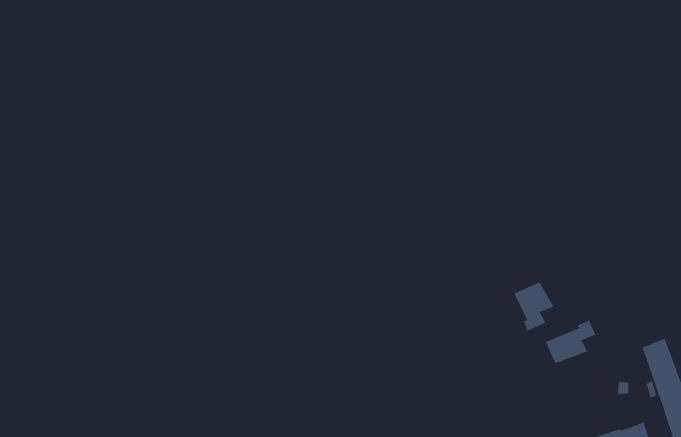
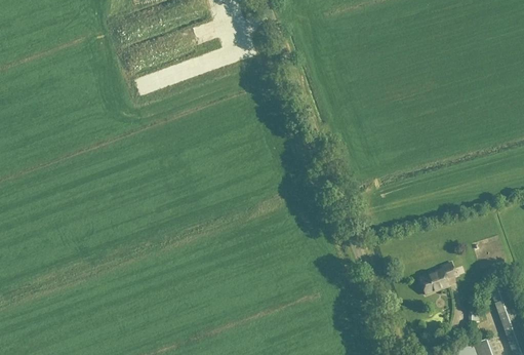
building: [514,281,554,331] -> none

